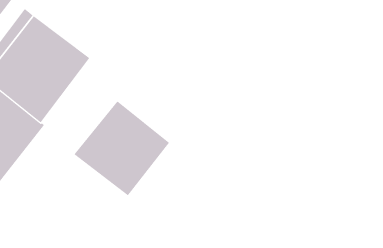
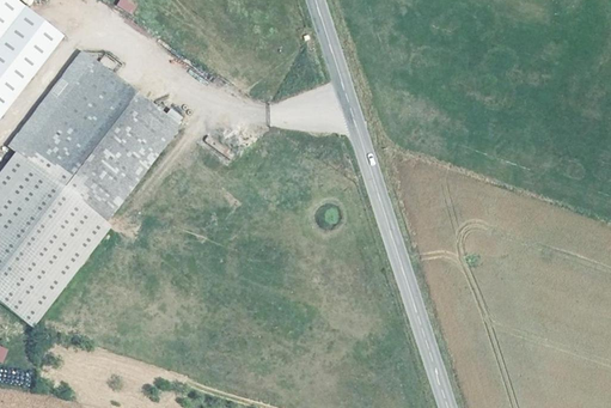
building: [74,101,170,196] -> none

